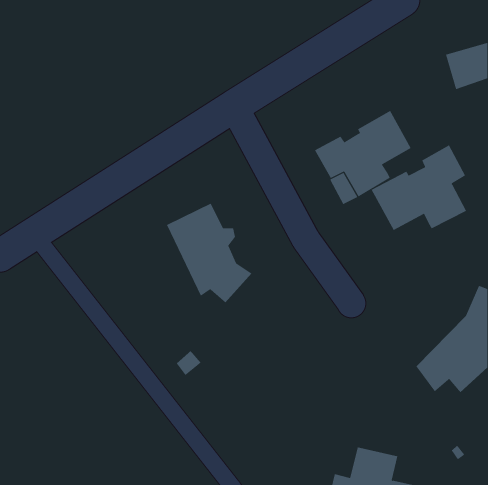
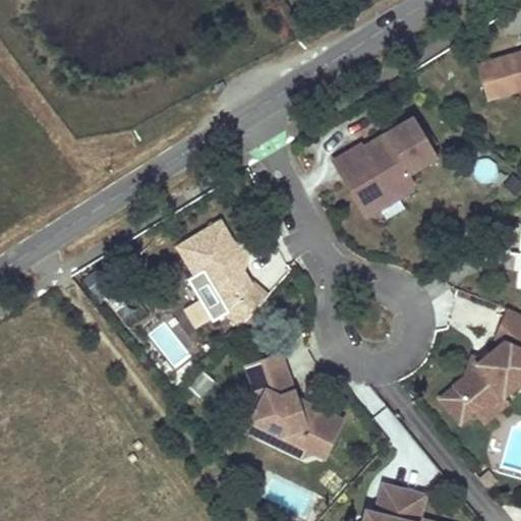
building: [371,144,467,231] -> none
building: none -> [244,352,343,460]

